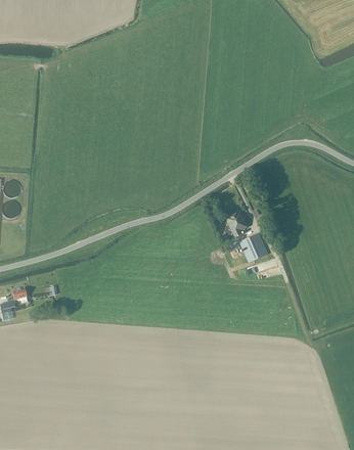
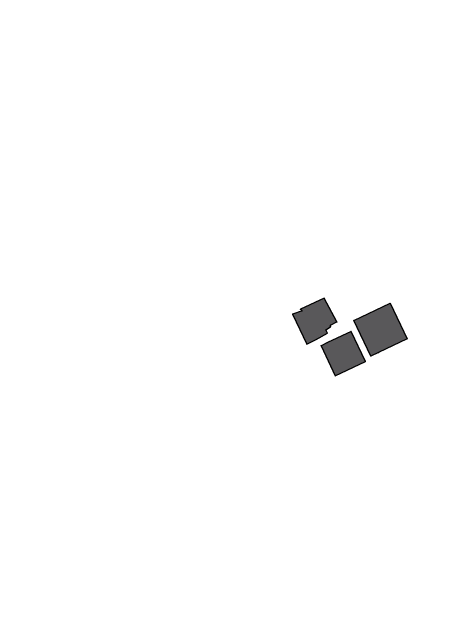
building: none -> [354,303,407,356]

